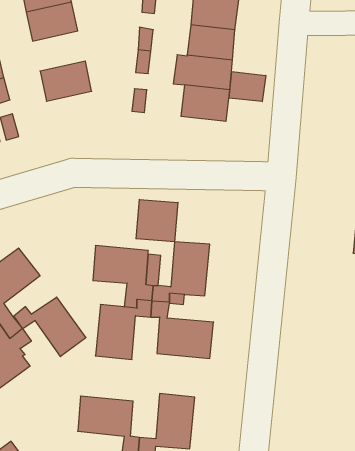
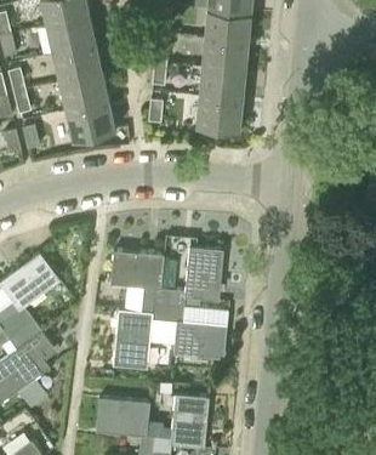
building: none -> [52,44,103,83]
building: [229,72,266,102] -> none
building: none -> [65,102,115,141]
building: [136,199,178,242] -> none
building: [14,297,86,357] -> none

